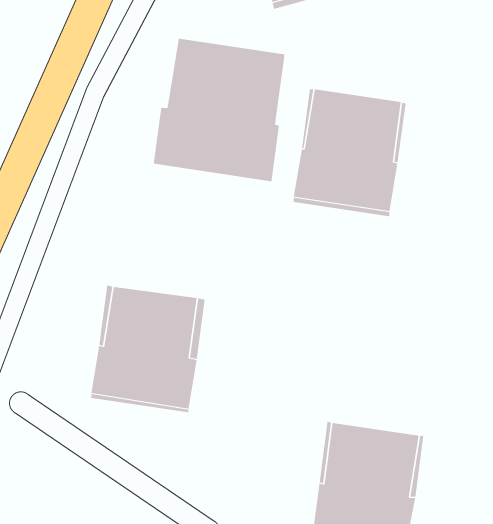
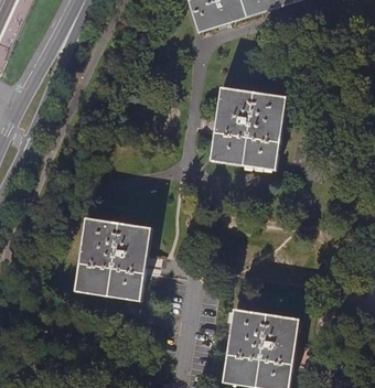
building: [153,38,285,182] -> none

